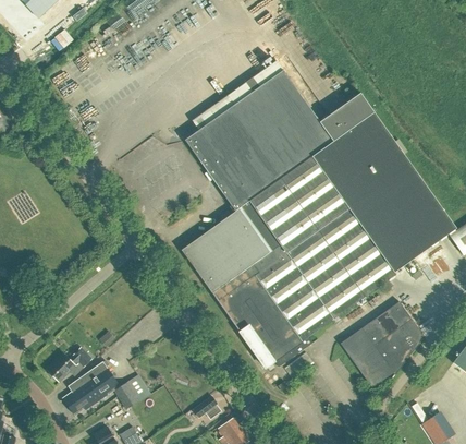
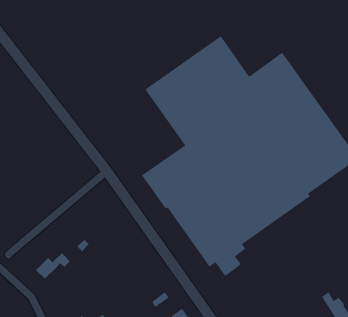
building: [340,301,424,387] -> none
building: [62,360,149,413] -> none

